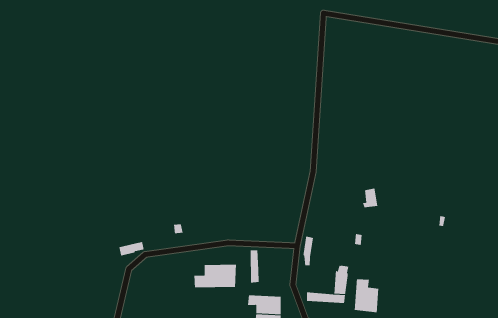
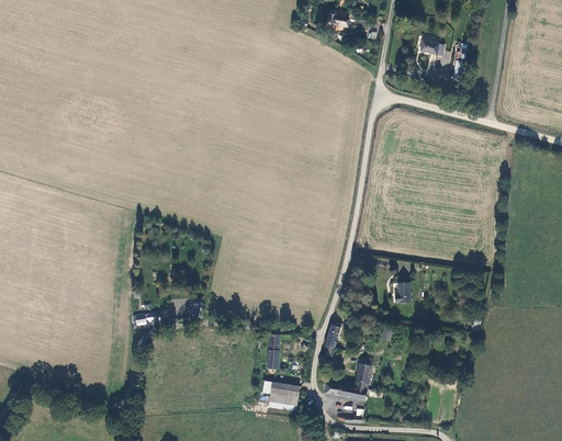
building: [194,264,236,288] -> none
building: [354,278,379,313] -> none

